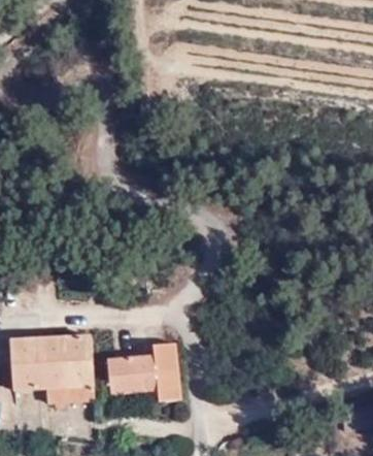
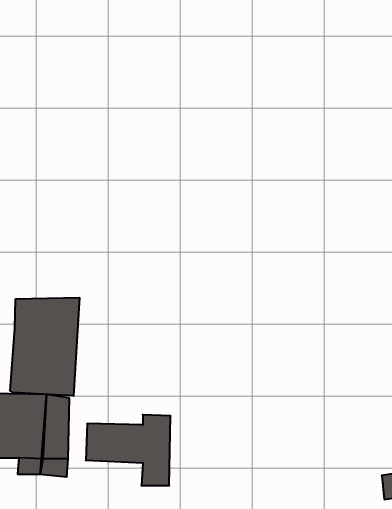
building: none -> [10,298,79,396]

